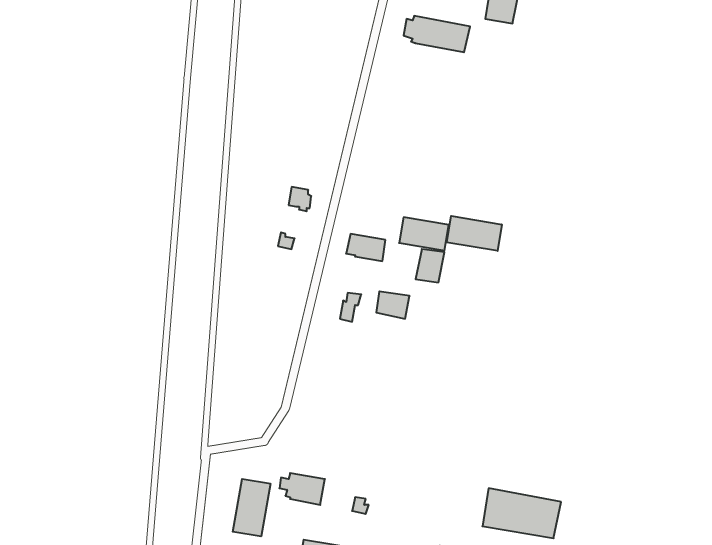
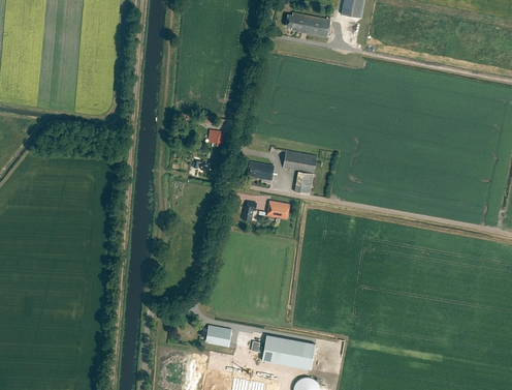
building: [447,216,502,251] -> none
building: [233,479,270,536] -> none
building: [482,488,561,538] -> [262,335,316,369]

